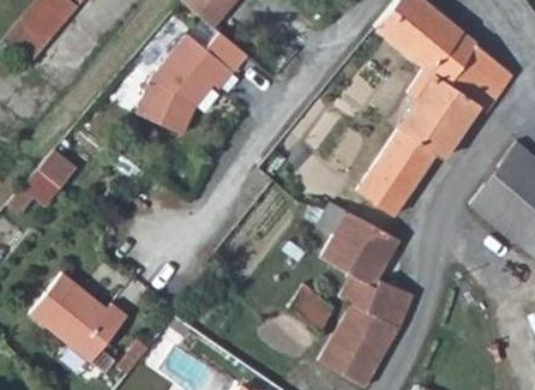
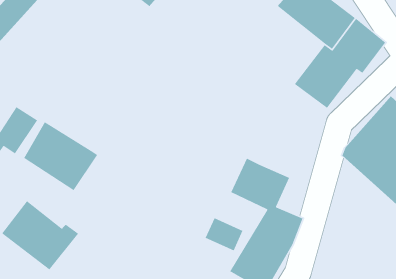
building: [138,29,236,130] -> none
building: [356,124,432,241] -> none
building: none -> [23,121,98,191]

